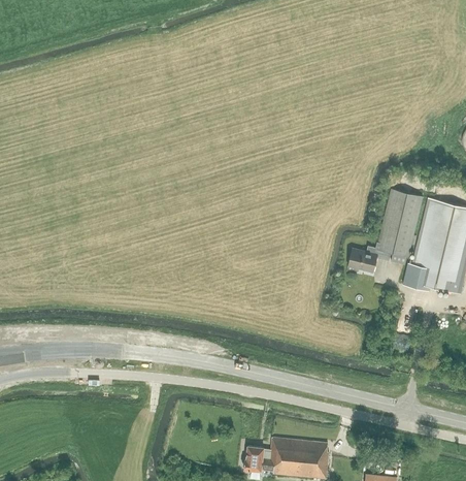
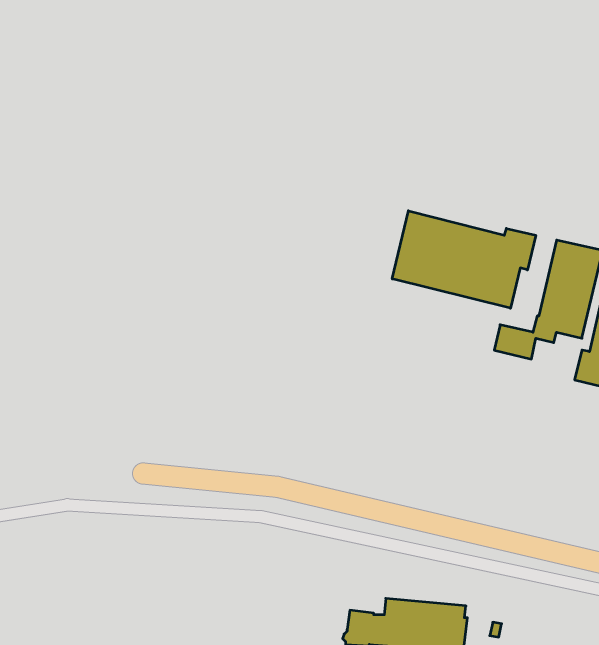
building: none -> [392,211,536,308]

